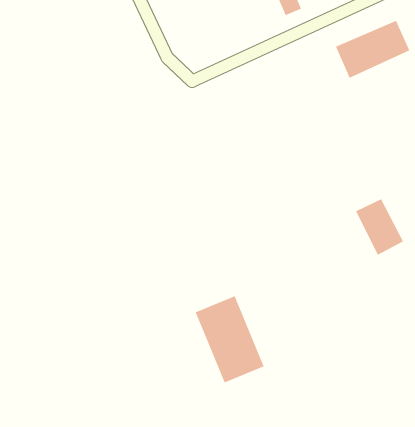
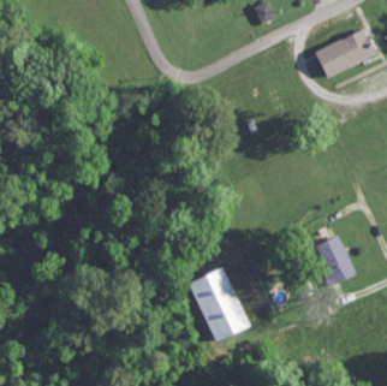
building: [355,199,404,256] -> [314,236,356,285]

